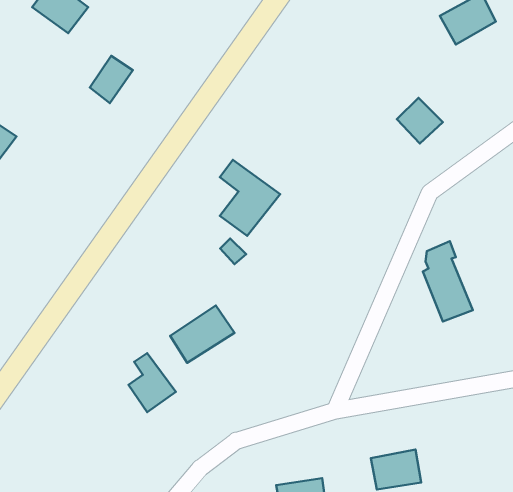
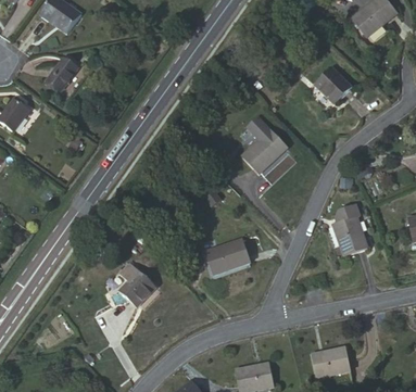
building: [90,56,133,103] -> [50,54,83,90]
building: [220,160,280,236] -> [238,125,283,182]
building: [170,306,235,363] -> [205,226,254,269]

